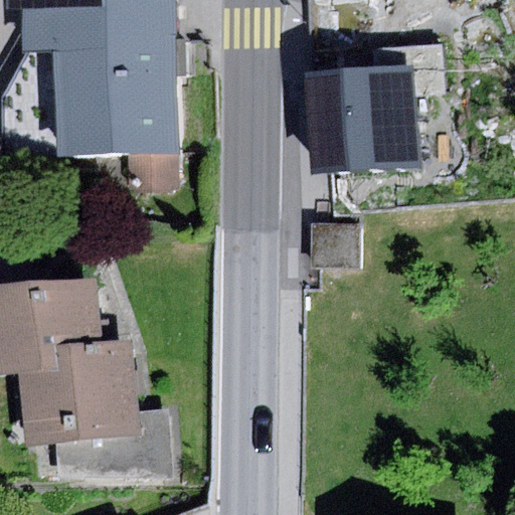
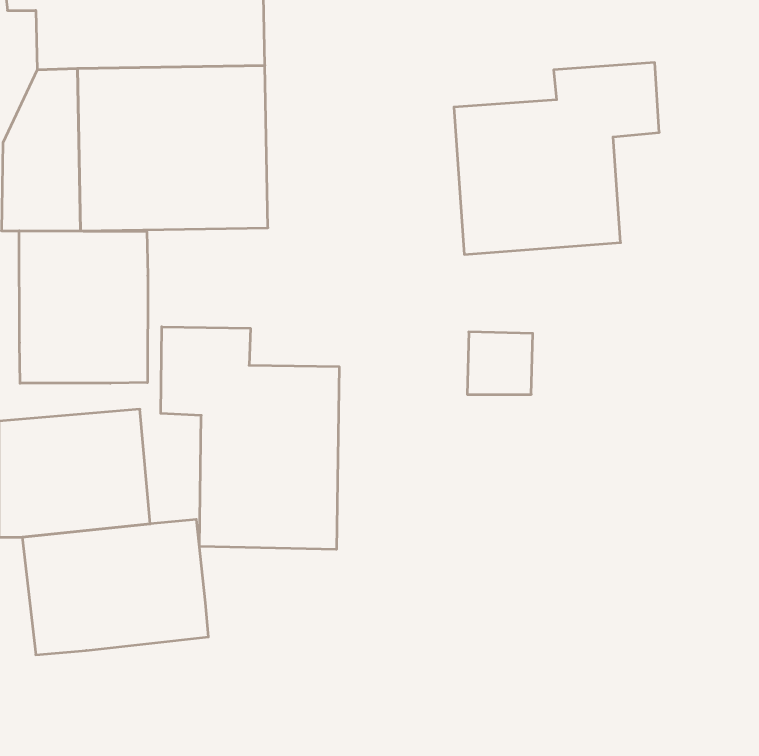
building: none -> [19,231,148,383]
building: none -> [161,327,339,549]
building: [57,407,176,478] -> none

